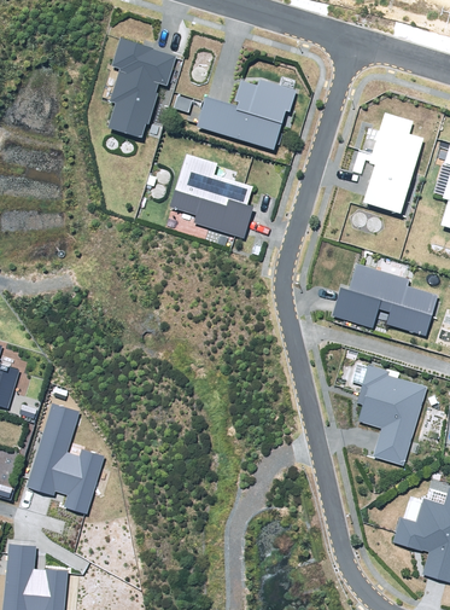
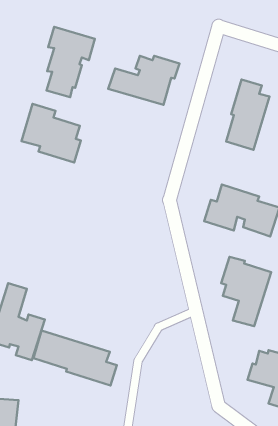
building: [169,155,253,238] -> [21,104,81,162]
building: none -> [33,331,117,385]

